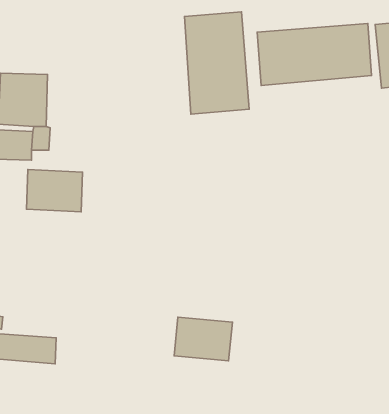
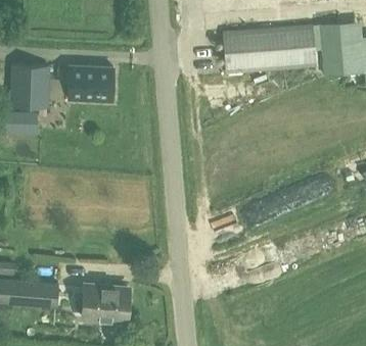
building: [185,12,249,114] -> none
building: [26,170,82,212] -> [68,65,115,100]
building: [174,317,232,361] -> [82,286,130,322]

